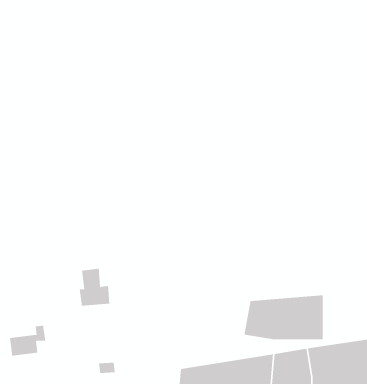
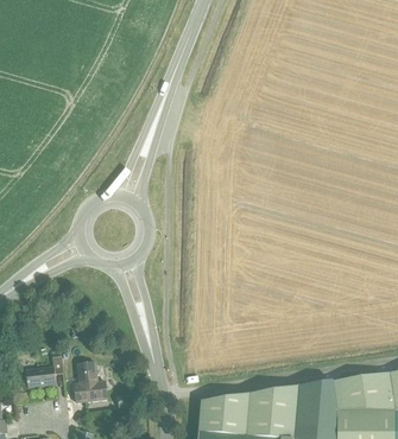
building: [79,268,110,306] -> [74,362,106,401]
building: [244,295,323,340] -> none

